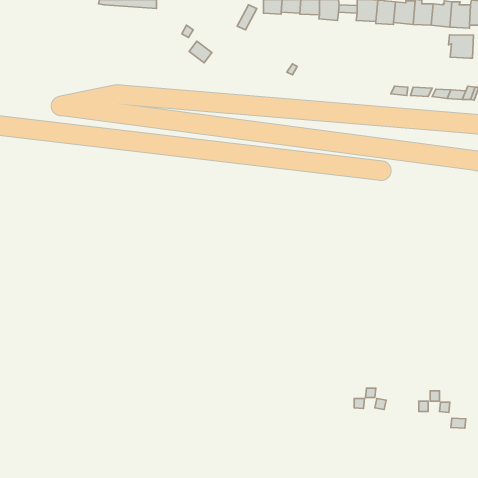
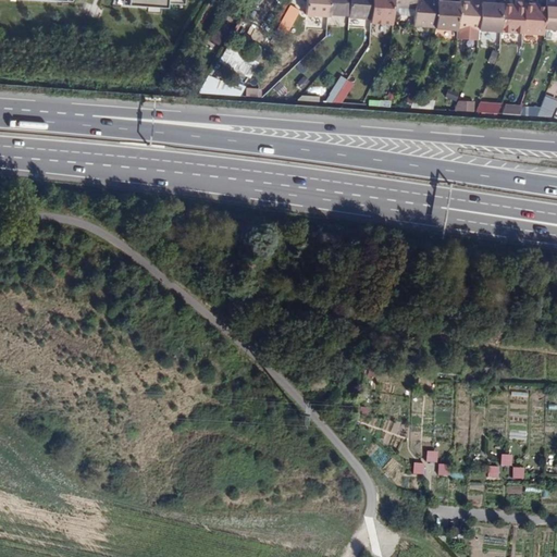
building: [449,35,473,58] -> none

